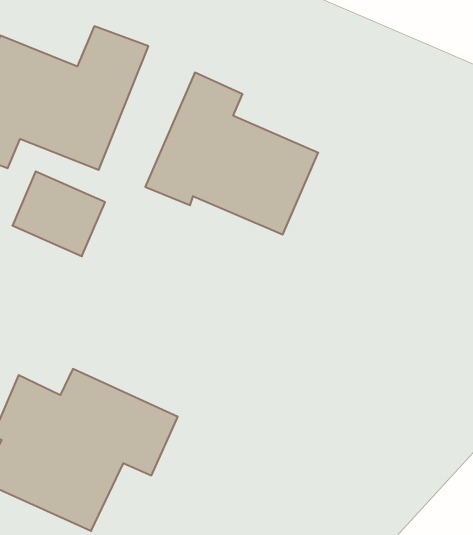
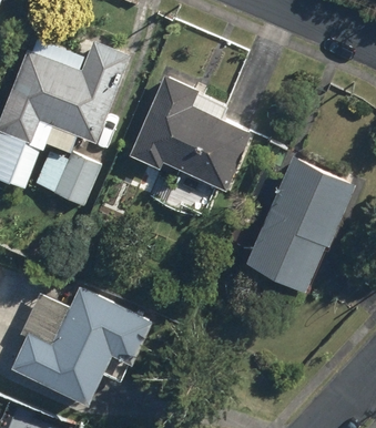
building: none -> [246,156,356,288]

